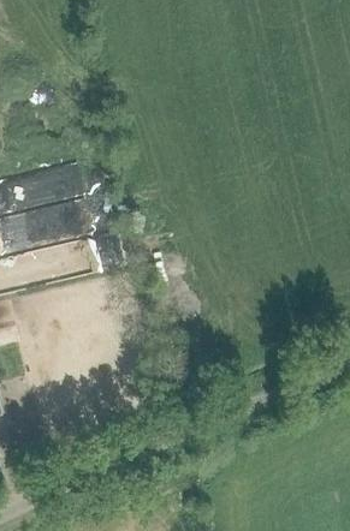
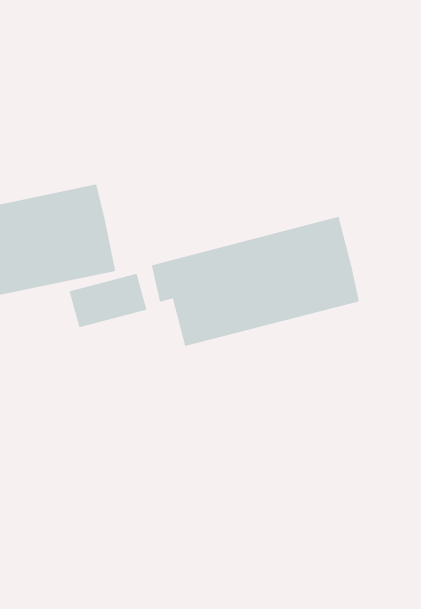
building: none -> [151,216,360,347]

